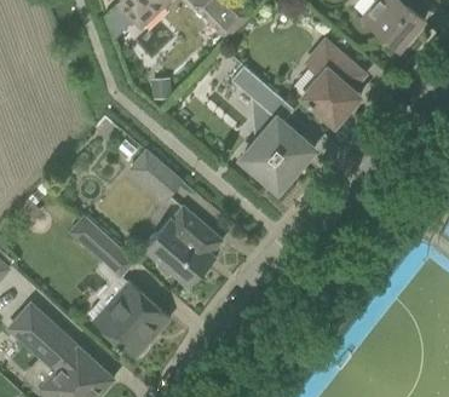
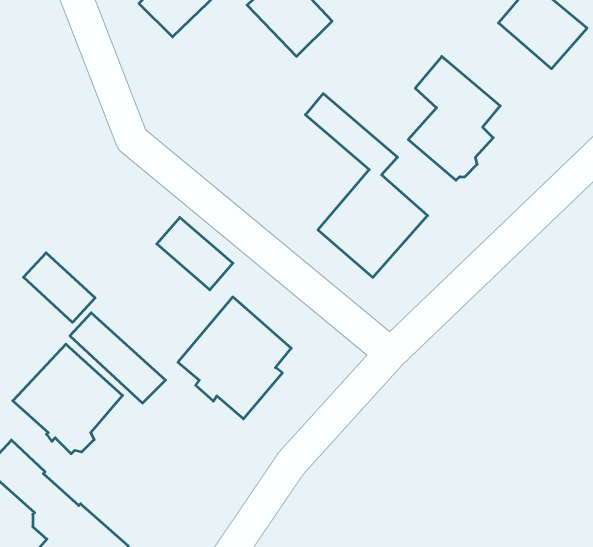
building: none -> [23,253,95,322]
building: [93,282,168,357] -> [13,344,123,454]

